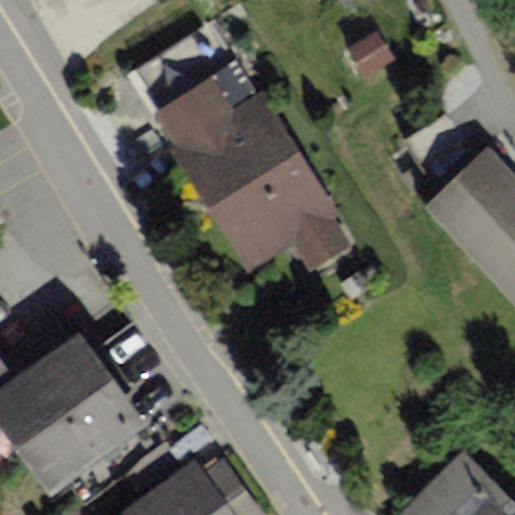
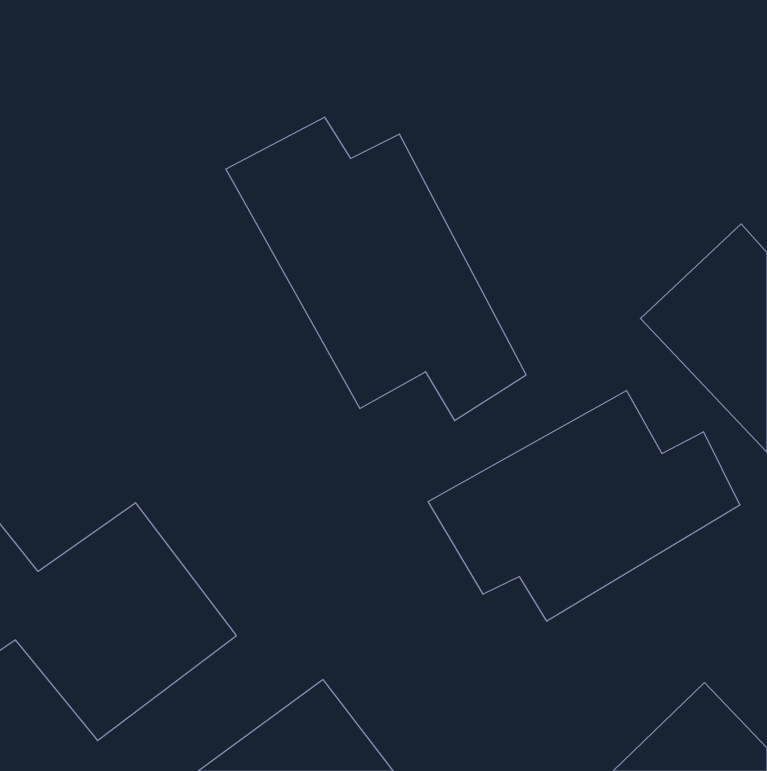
building: none -> [428,391,740,621]

